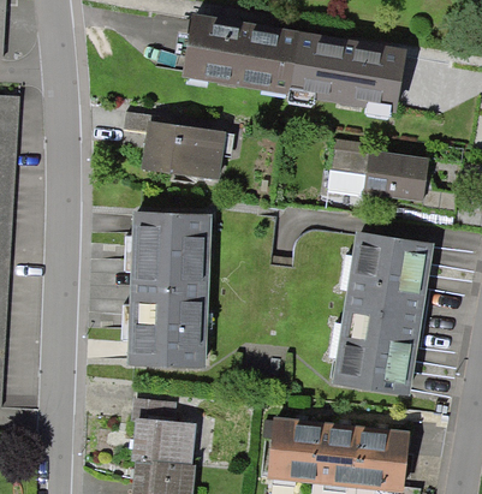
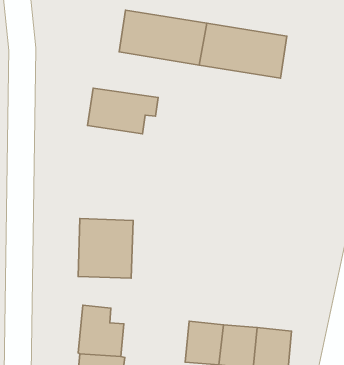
building: [327,142,457,212] -> none
building: [133,214,206,291] -> none
building: [337,233,427,392] -> none

